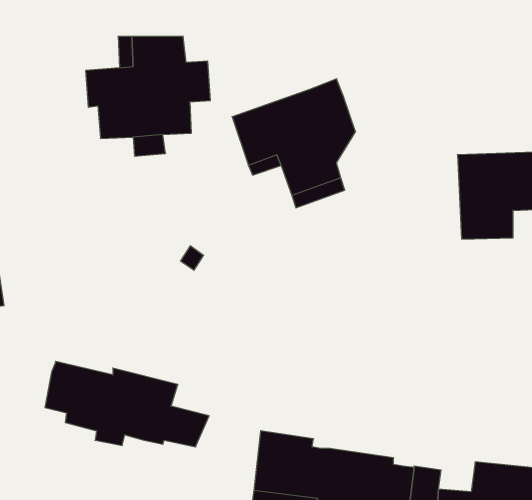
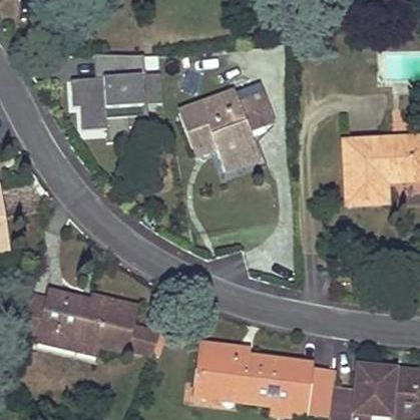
building: none -> [21,295,78,349]

